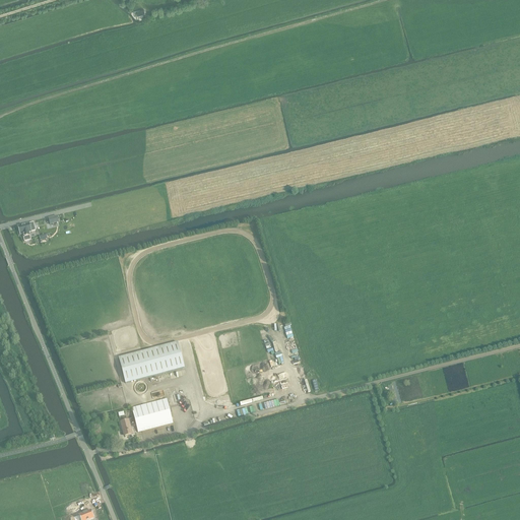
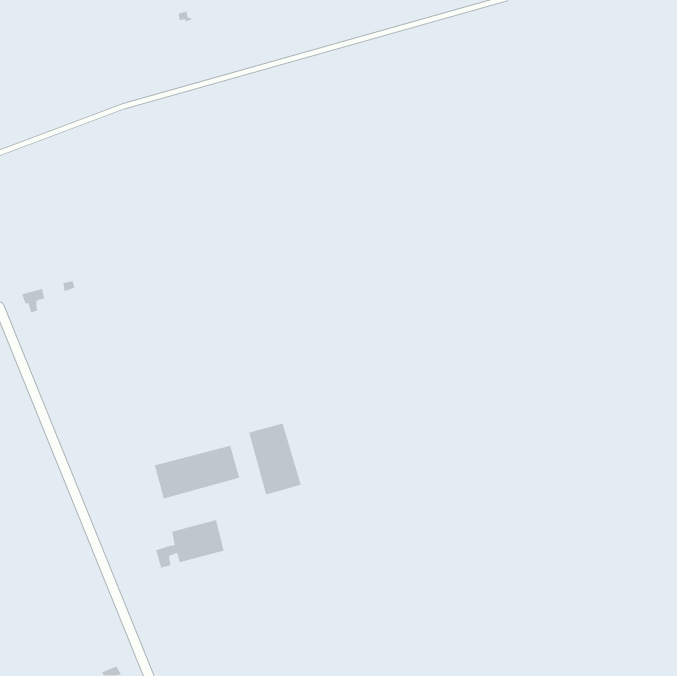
building: none -> [248,423,302,495]

